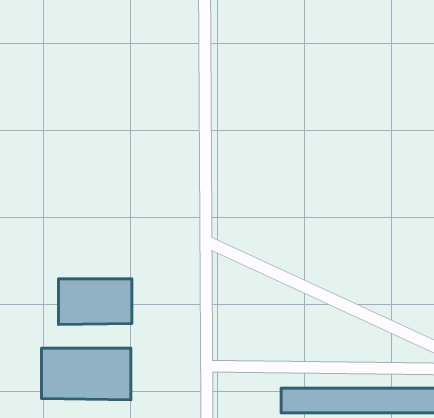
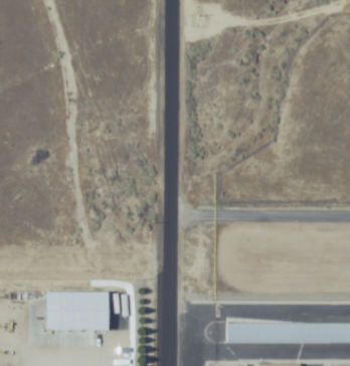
building: [58,279,132,325] -> none

